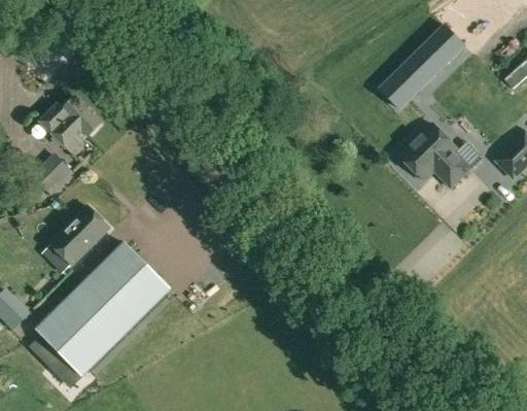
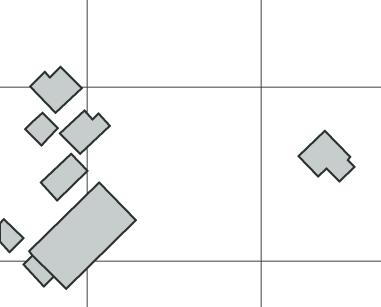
building: [376,21,460,102] -> none
building: [400,125,470,189] -> [298,131,354,182]
building: none -> [60,111,110,154]

